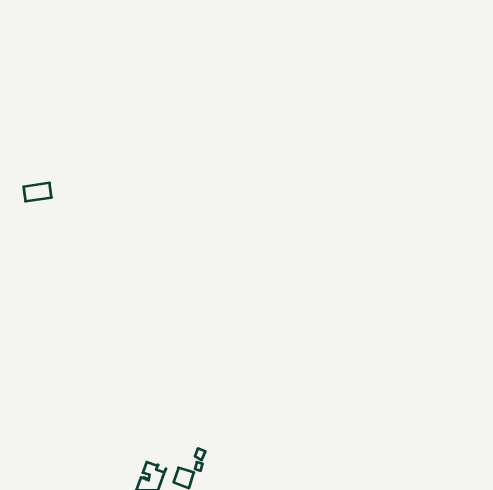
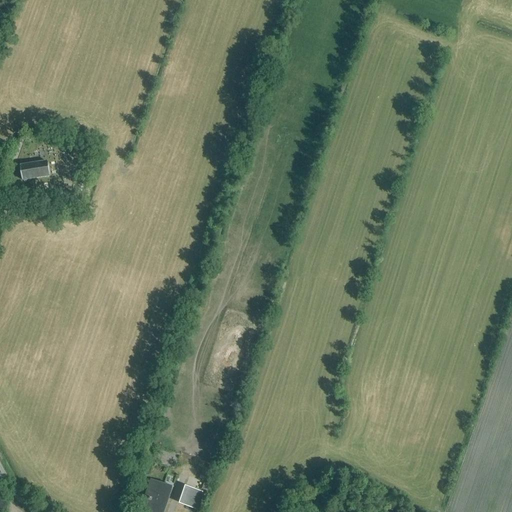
building: [24,183,52,201] -> [20,159,49,178]

